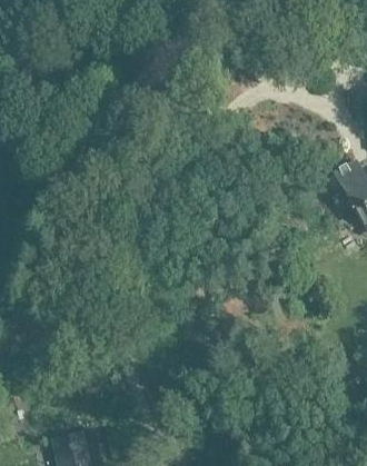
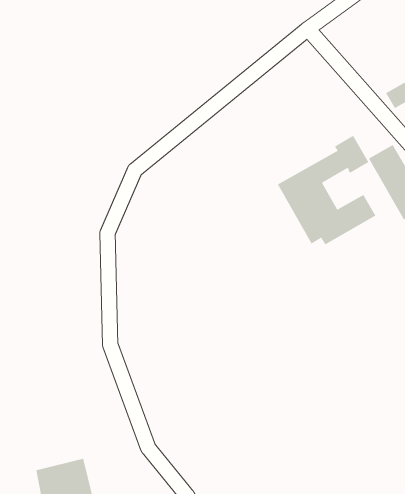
building: none -> [277,135,376,245]

